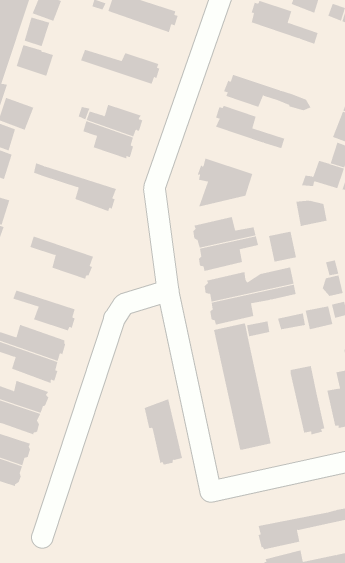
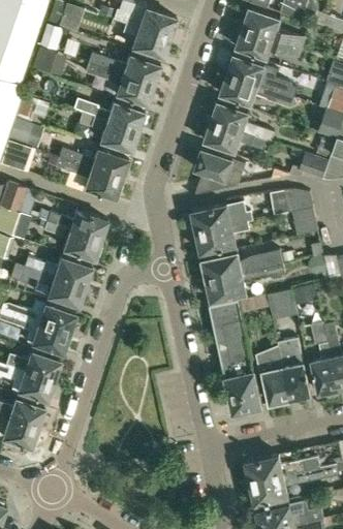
building: none -> [111,19,169,58]
building: none -> [235,29,301,58]
building: none -> [226,56,297,98]
building: none -> [86,63,154,105]
building: none -> [202,123,254,152]
building: none -> [57,148,130,179]
building: none -> [46,211,108,240]
building: [268,231,297,262] -> [291,208,317,236]
building: none -> [31,257,92,287]
building: [144,399,183,465] -> [255,345,290,405]
building: none -> [244,455,319,483]

